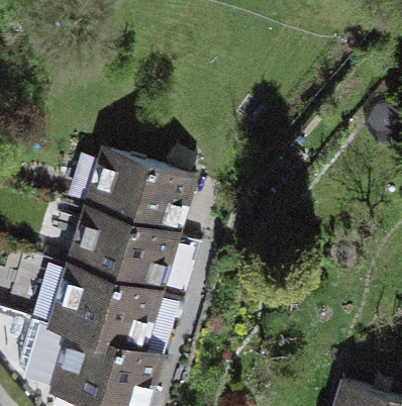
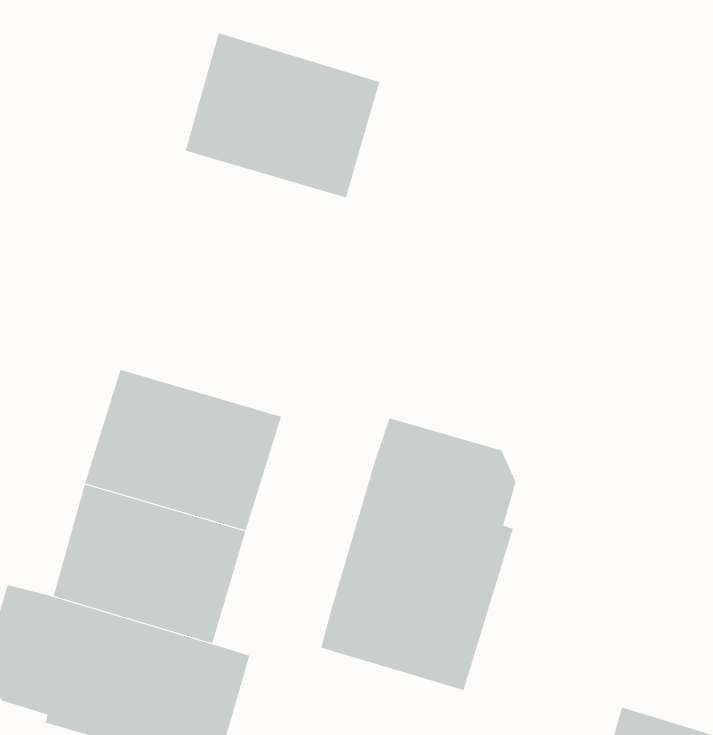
building: [87,149,187,234] -> [185,32,380,198]
building: none -> [321,418,516,691]

